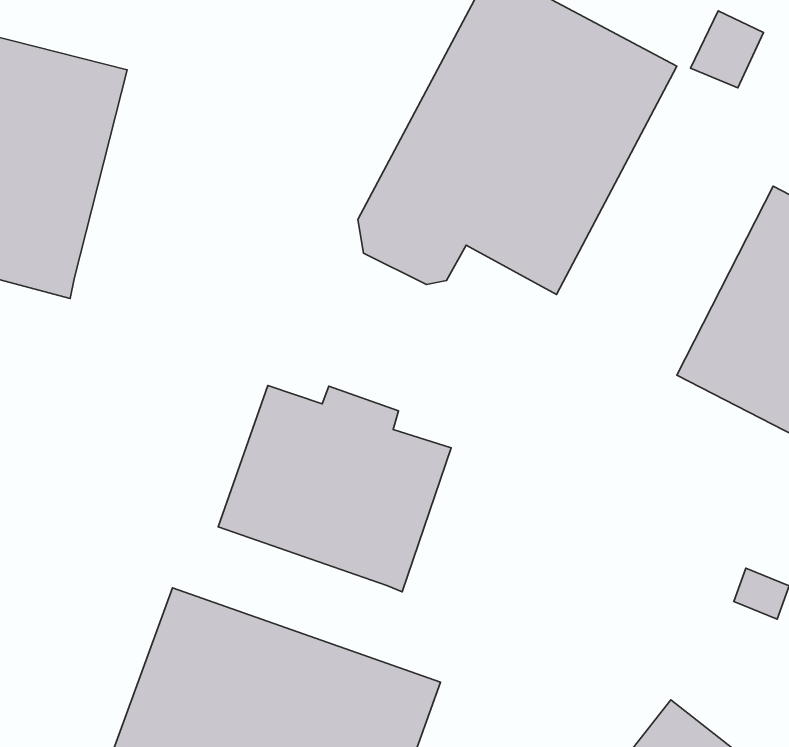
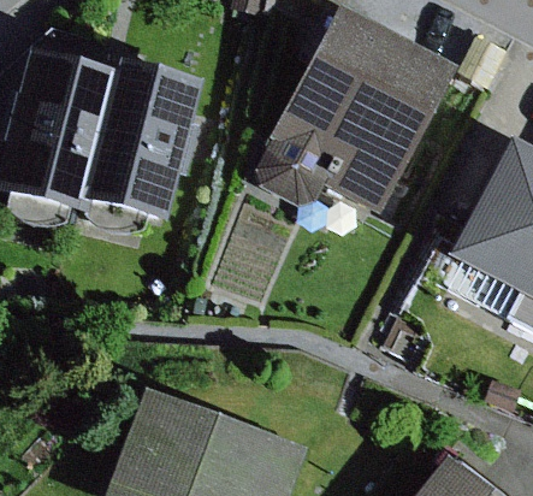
building: none -> [85,58,200,218]
building: [218,386,451,592] -> none

